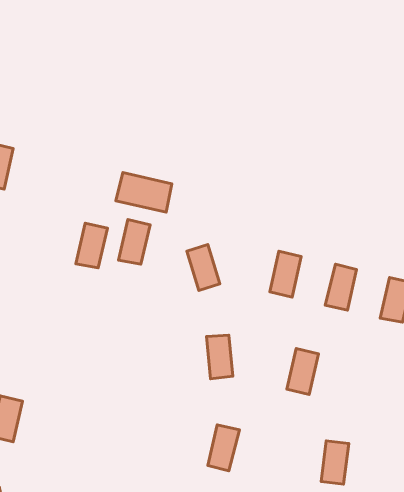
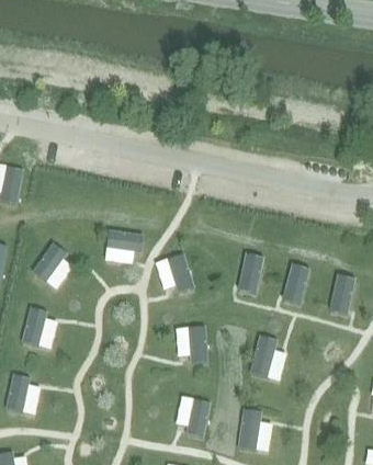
building: [116,173,172,212] -> none
building: [76,223,107,268] -> [36,246,63,283]
building: none -> [22,308,47,345]
building: [321,441,349,484] -> [237,412,260,449]

